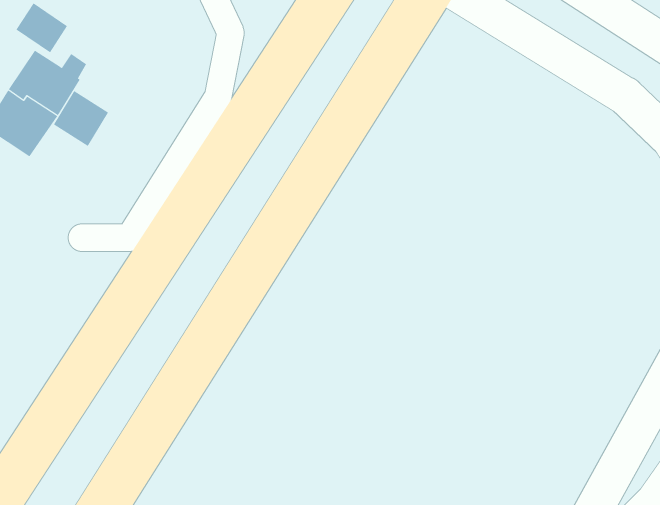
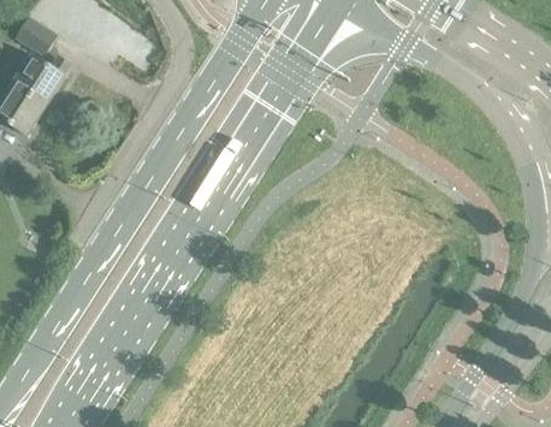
building: [53,90,109,147] -> none

